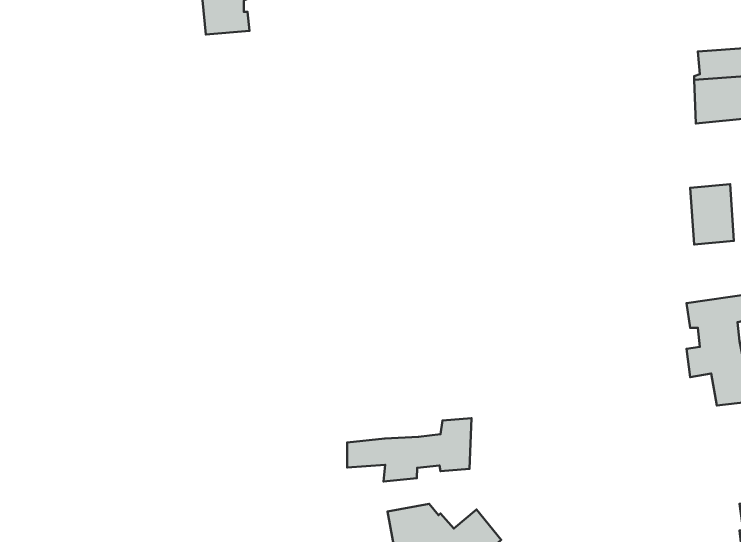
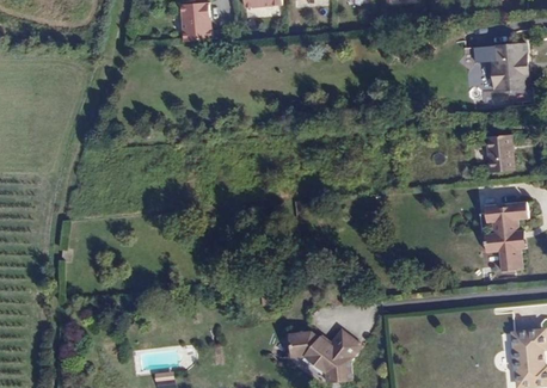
building: [347,418,472,481] -> none

